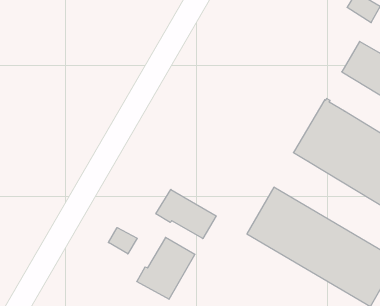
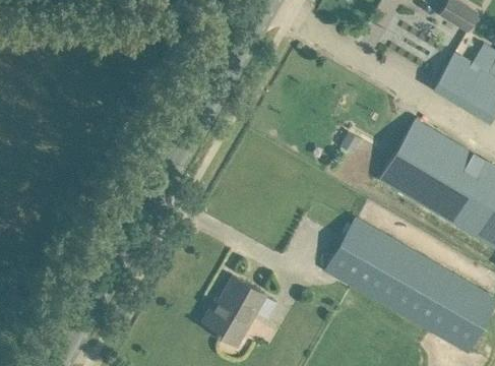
building: [156,189,216,239] -> none
building: [108,228,137,254] -> none

